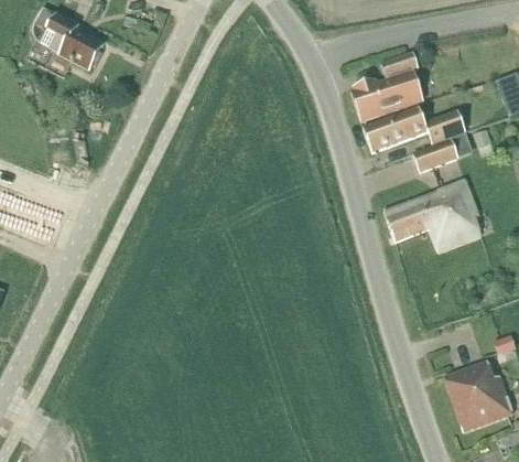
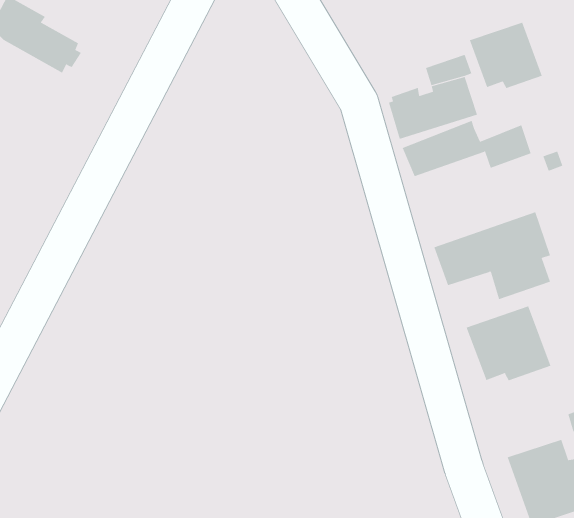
building: none -> [469,22,542,89]
building: [413,141,456,172] -> none
building: none -> [466,306,551,381]

